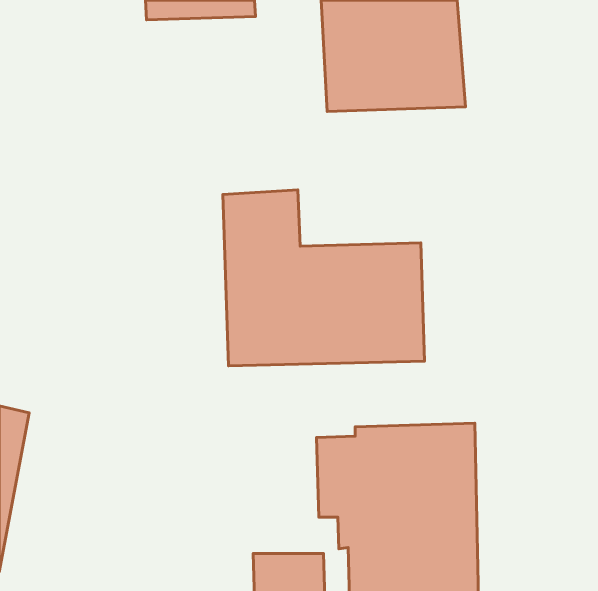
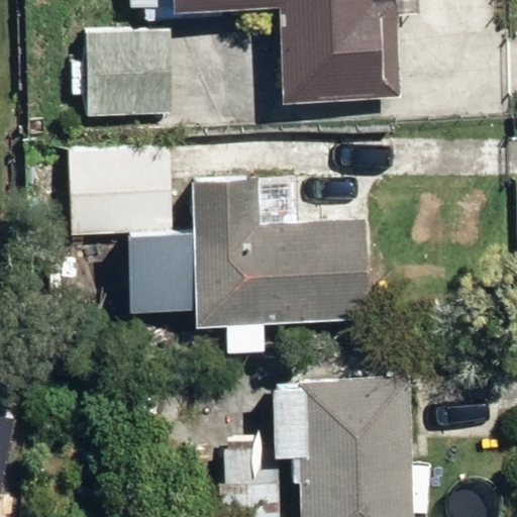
building: none -> [84,33,167,114]
building: none -> [69,146,171,269]

